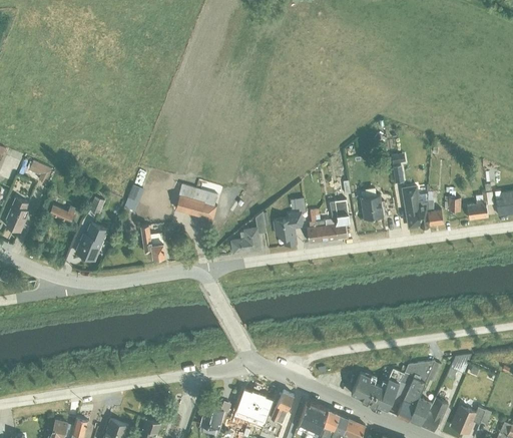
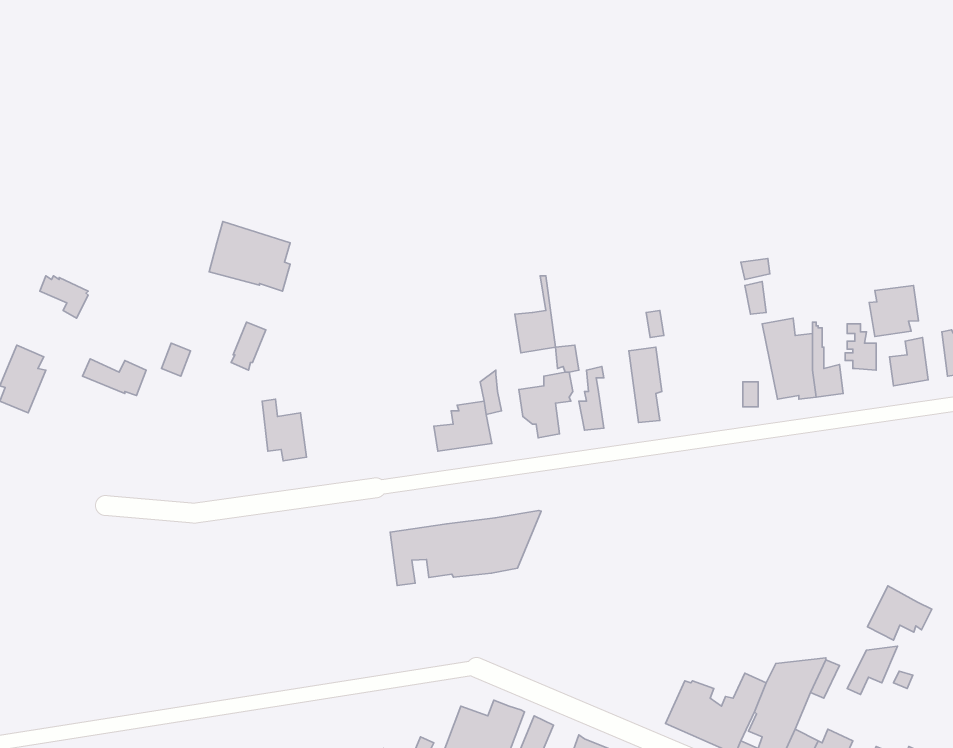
building: none -> [869,285,918,336]
building: [174,184,216,221] -> [209,222,290,291]
building: [360,193,383,217] -> none
building: [316,200,337,241] -> [515,276,556,353]
building: [75,223,106,261] -> none
building: none -> [390,511,541,586]
building: none -> [867,586,932,640]

